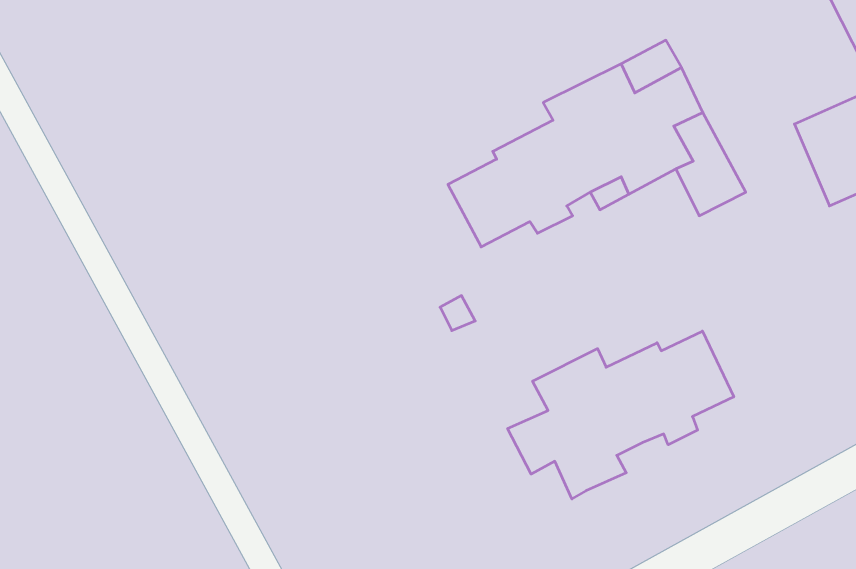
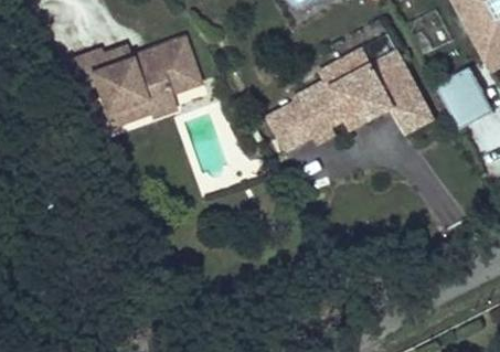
building: none -> [62,42,193,124]
building: [508,331,734,499] -> none

